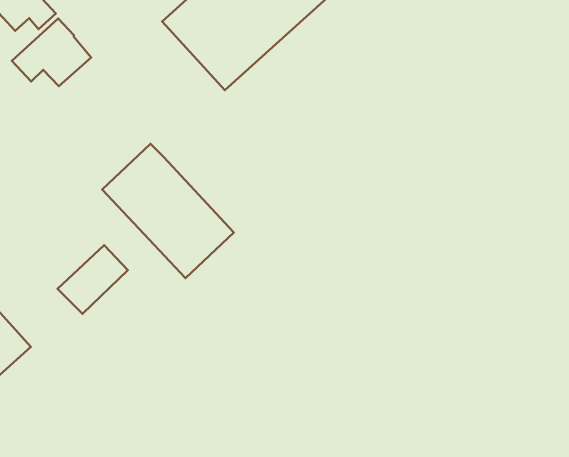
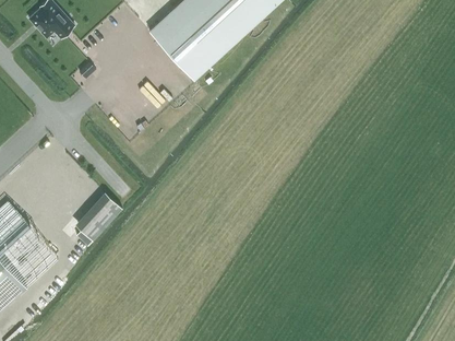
building: [12,18,91,86] -> none
building: [102,144,234,278] -> none

